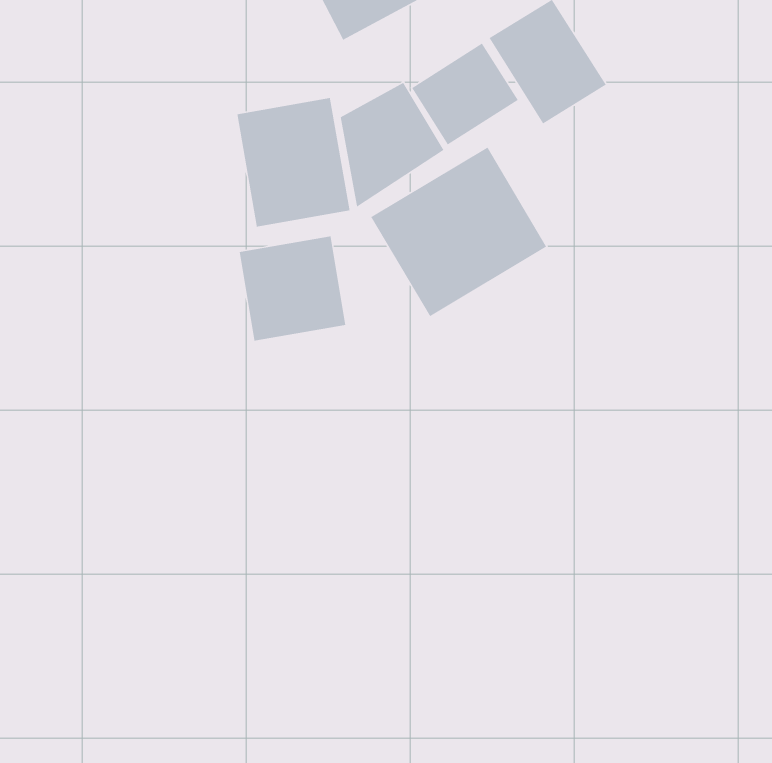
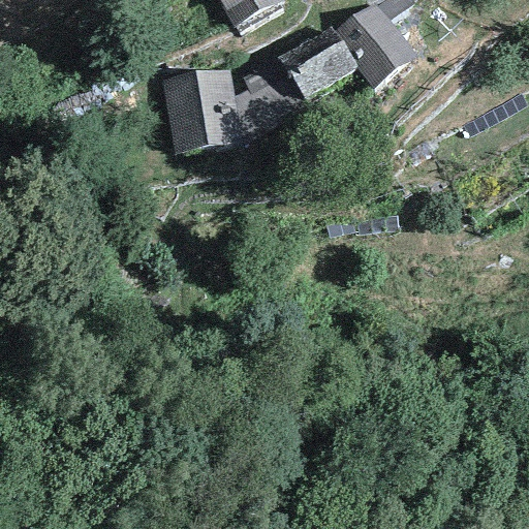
building: [370,146,547,317] -> none
building: [239,236,346,341] -> none

